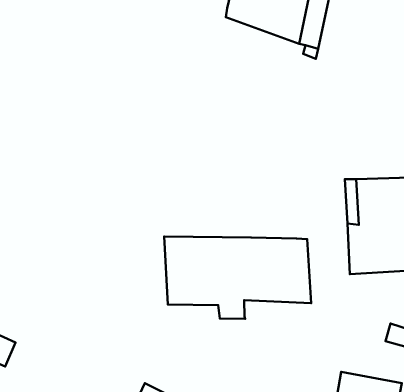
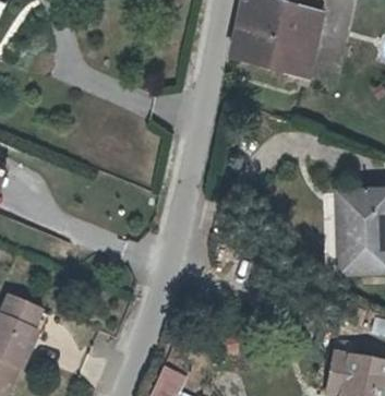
building: [164,236,311,319] -> none

